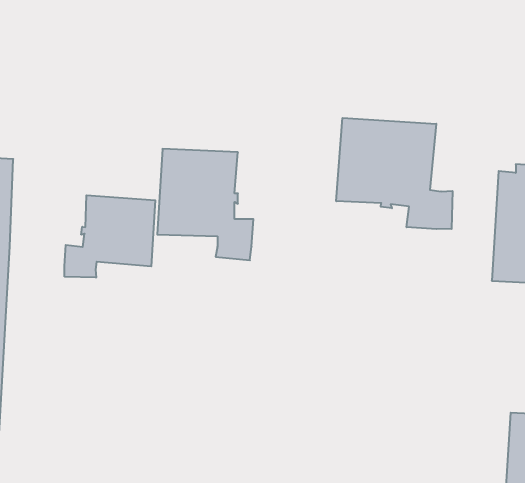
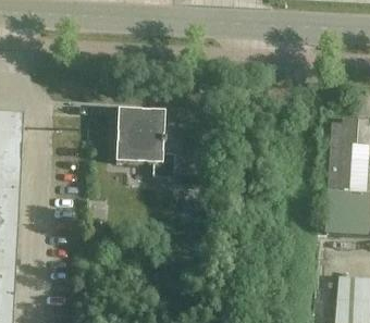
building: [336,118,452,229] -> none
building: [64,195,155,278] -> none

